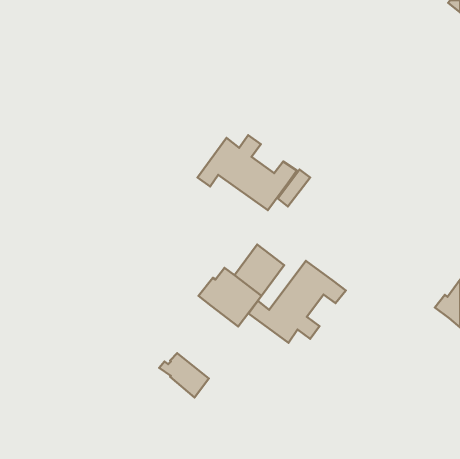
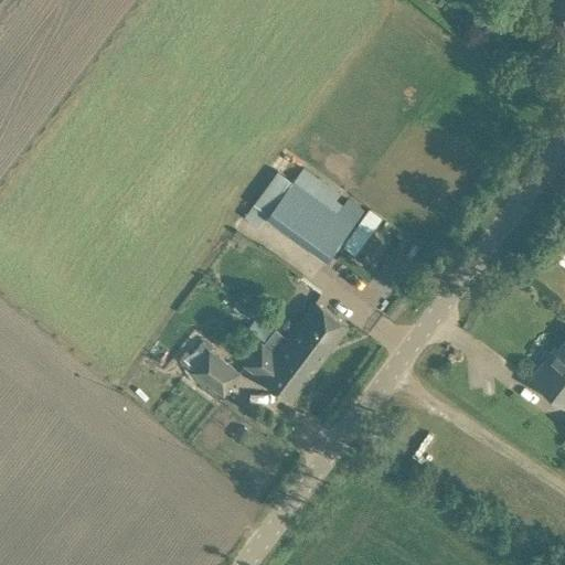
building: [248,261,346,343] -> none
building: [159,353,209,397] -> [179,342,239,396]

